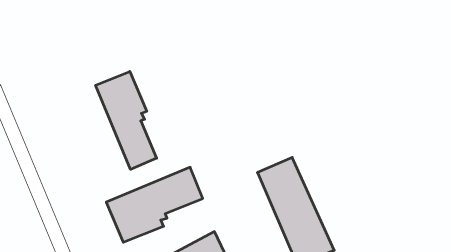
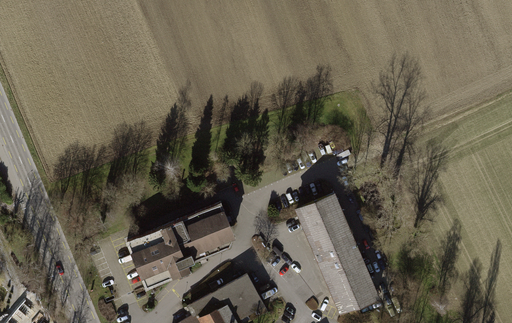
building: [96,71,157,169] -> none

